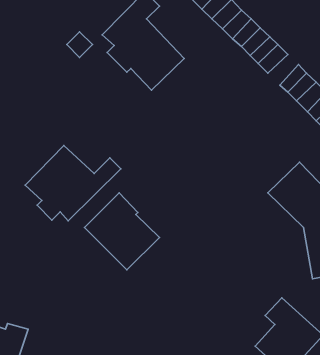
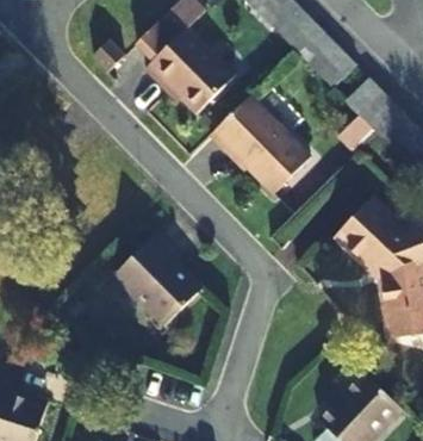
building: none -> [207,95,310,194]
building: [25,146,121,221] -> none

